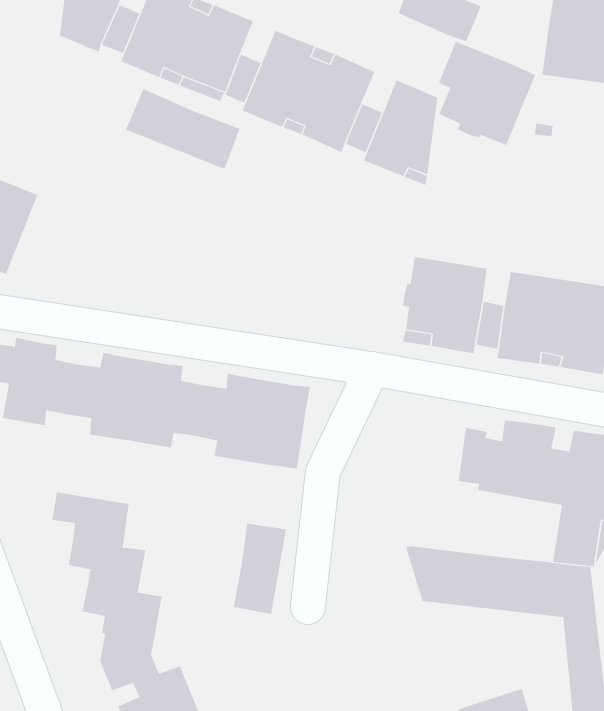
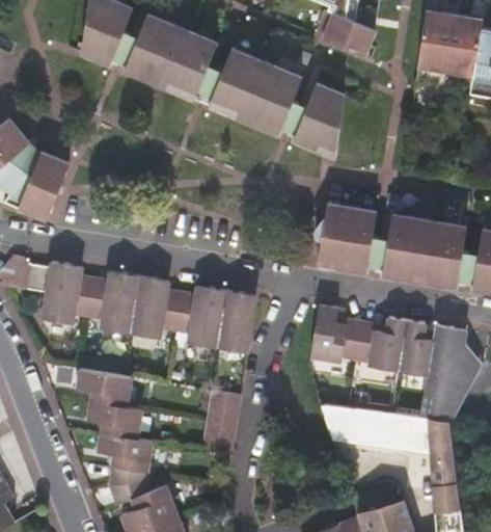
building: [438,41,536,146] -> none
building: [125,88,240,170] -> none
building: none -> [311,307,363,362]

